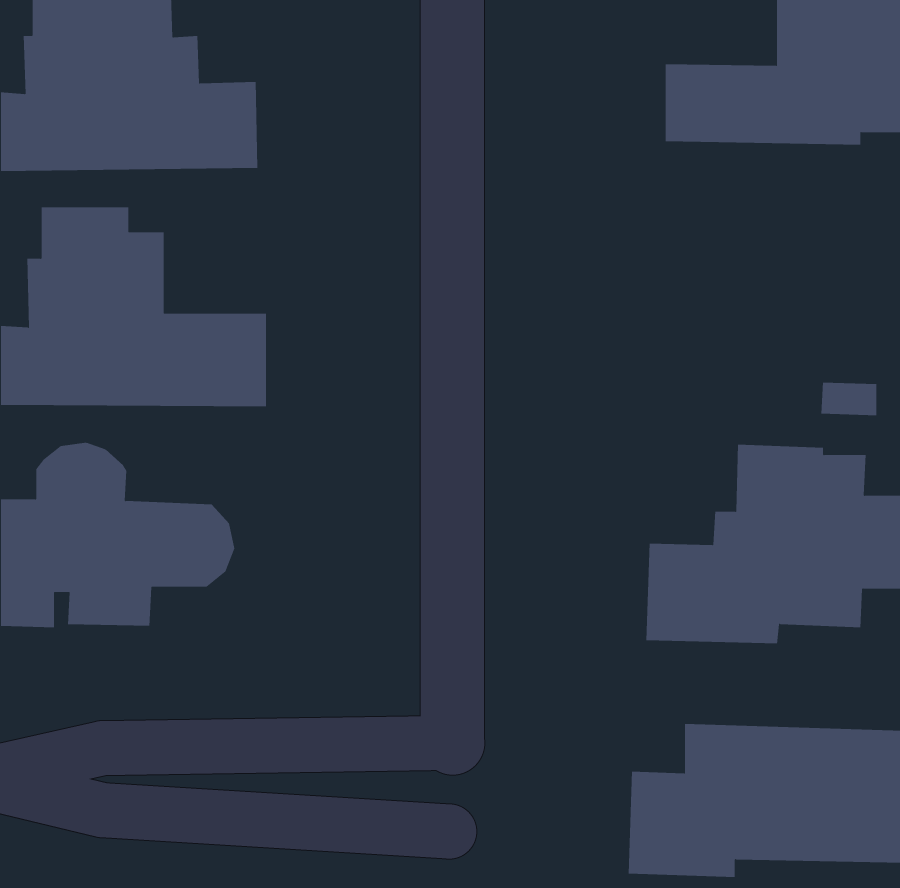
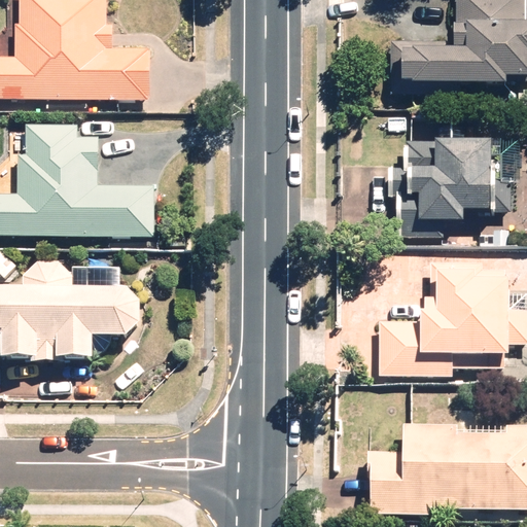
building: none -> [389,120,494,240]

